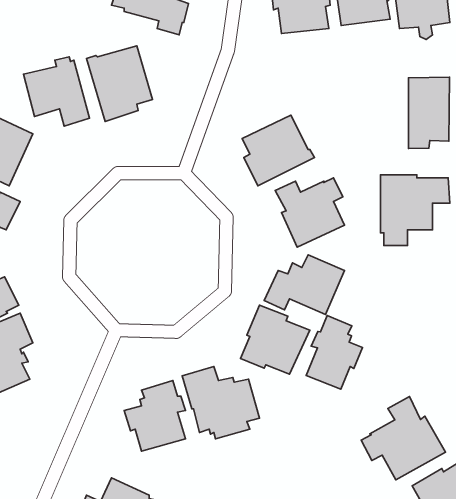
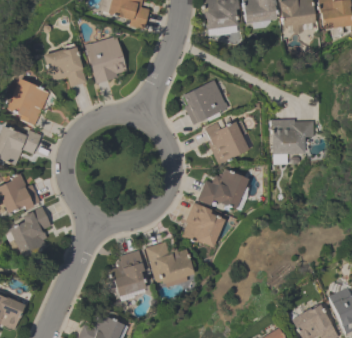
building: [409,77,449,149] -> none
building: [306,316,363,389] -> none
building: [361,397,446,480] -> none

